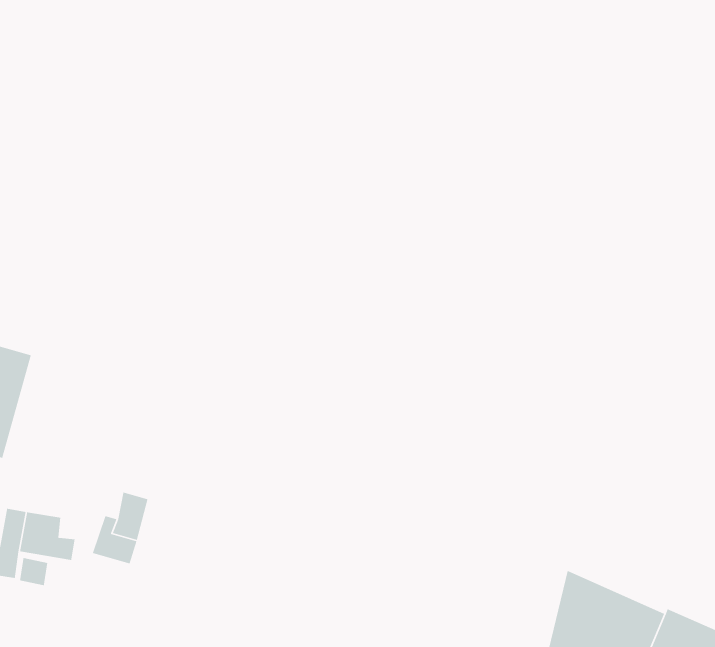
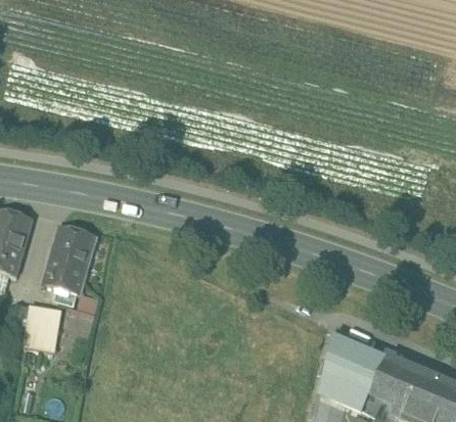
building: none -> [43,224,96,291]

